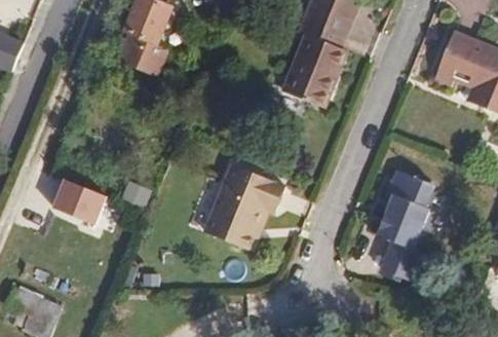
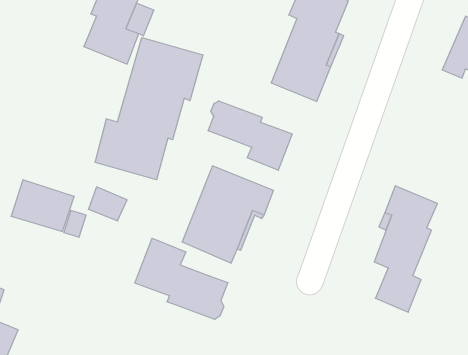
building: none -> [95,38,203,180]
building: none -> [208,101,292,170]
building: none -> [135,238,228,320]

